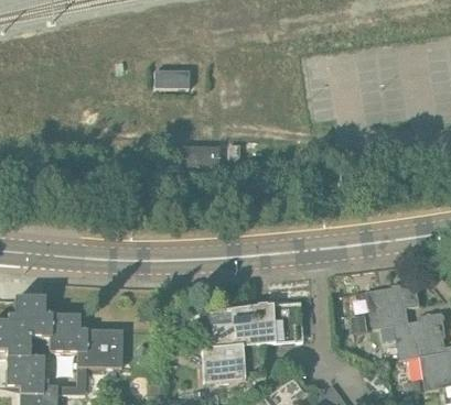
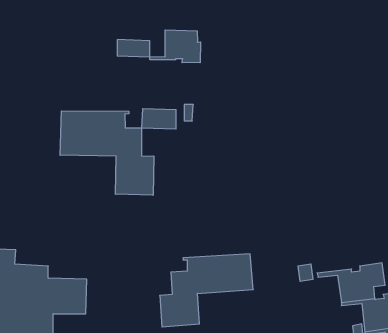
building: none -> [150,30,201,63]
building: none -> [60,111,154,195]
building: [367,281,419,322] -> none

